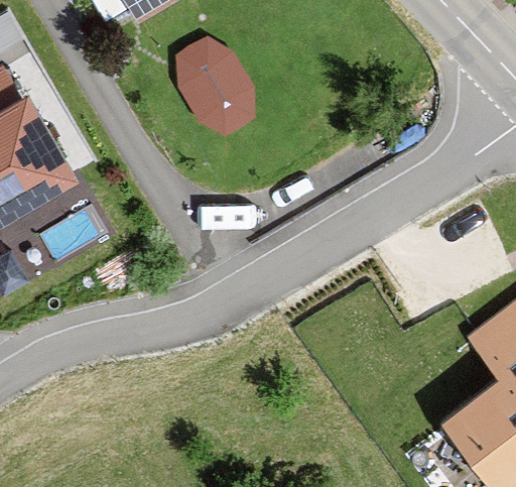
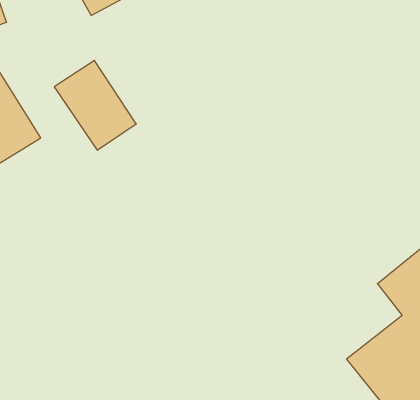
building: [169,26,266,132] -> [54,60,136,150]

